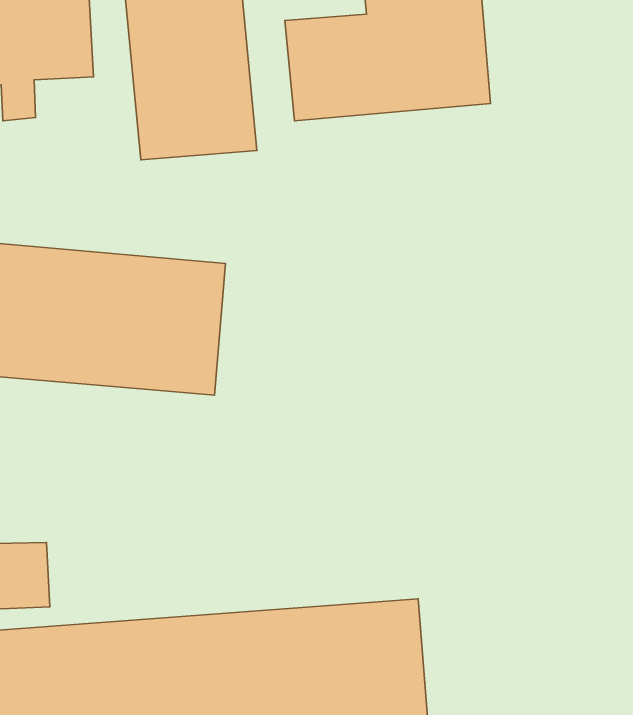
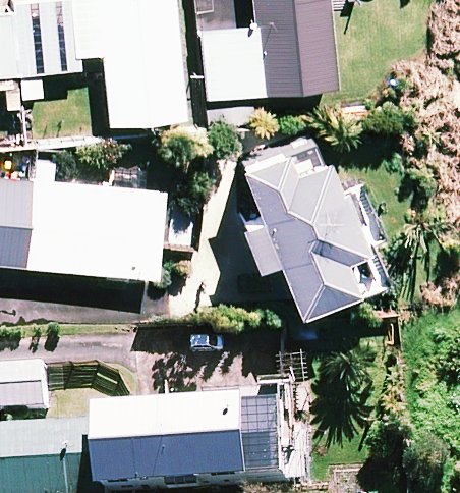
building: none -> [240,145,368,308]

